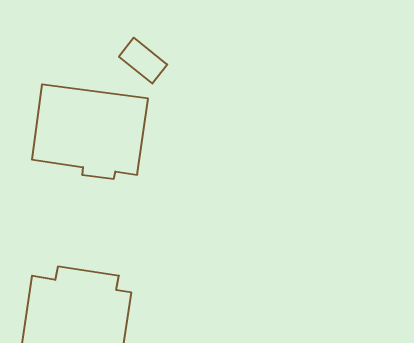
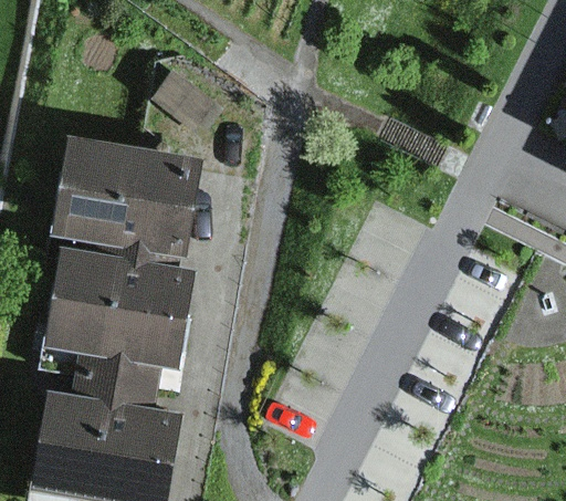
building: none -> [43,247,192,389]

